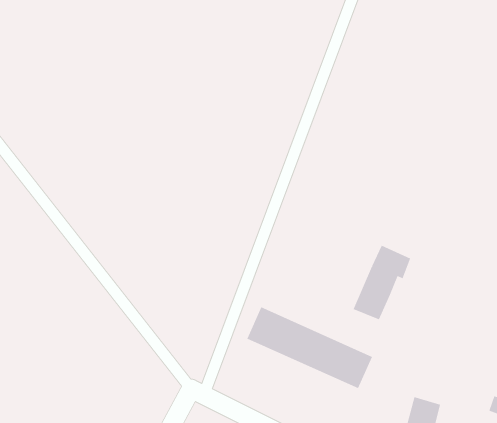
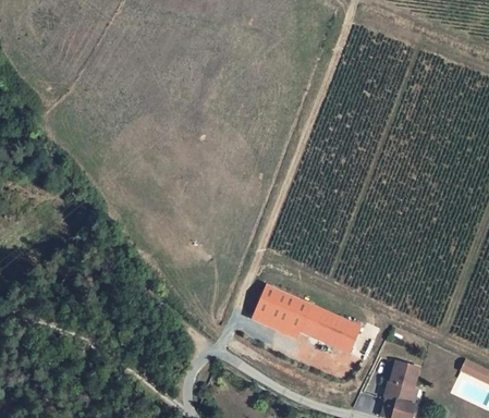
building: [353,245,411,320] -> none

